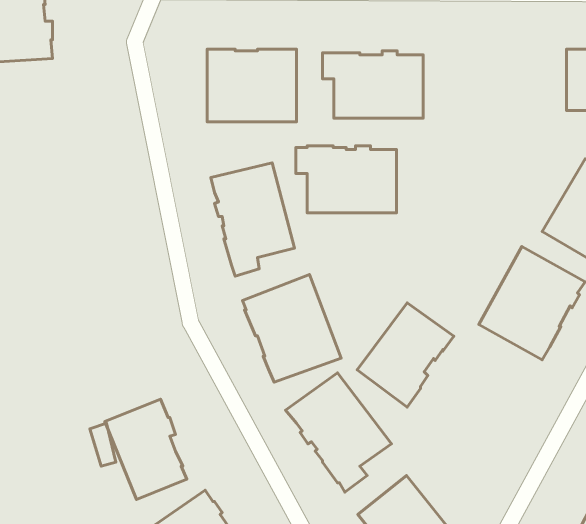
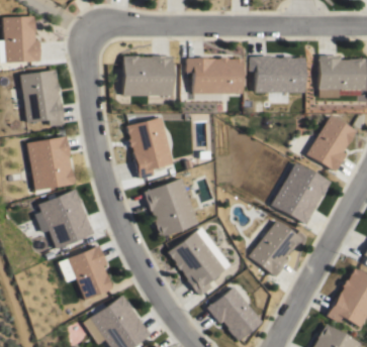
building: none -> [22,69,65,125]
building: [296,146,397,213] -> [251,55,305,92]
building: none -> [28,135,76,191]
building: none -> [40,189,96,248]
building: [357,303,454,407] -> [250,220,302,276]

